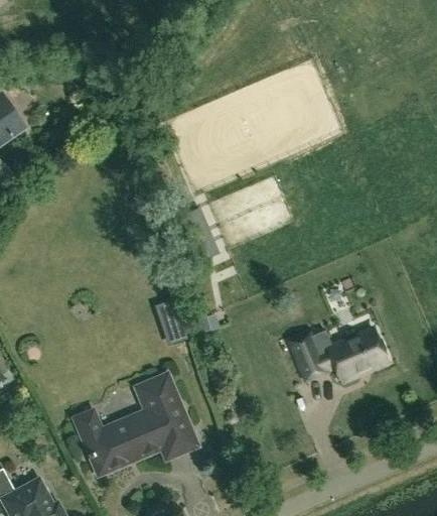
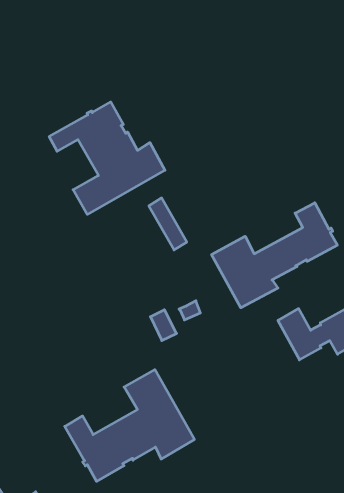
building: none -> [49,102,165,214]
building: none -> [212,203,337,308]

